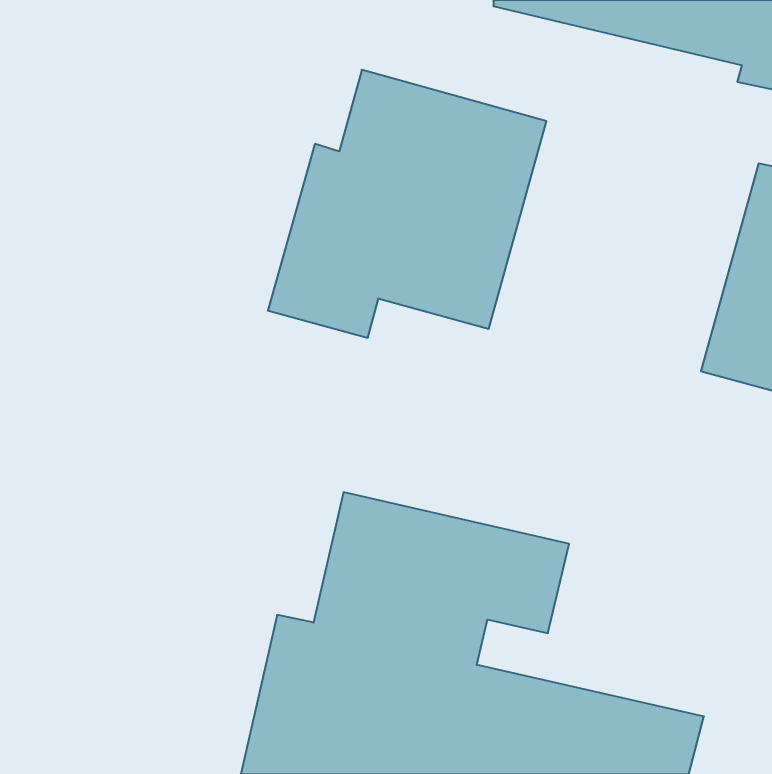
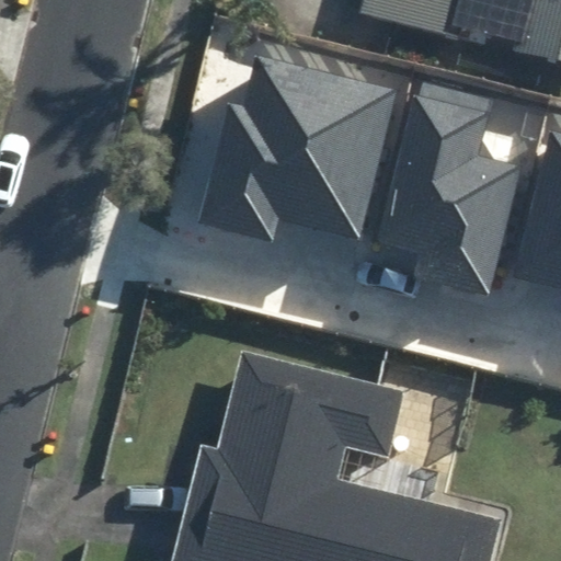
building: none -> [381,79,519,297]

